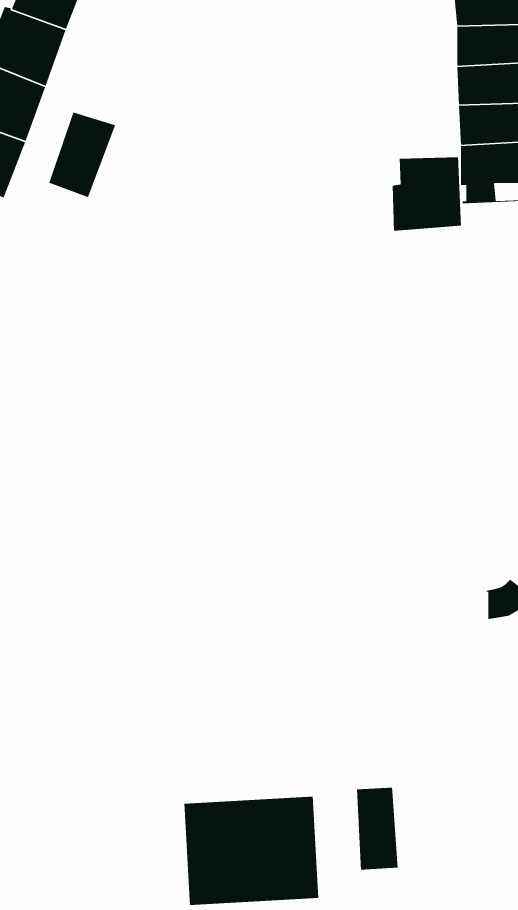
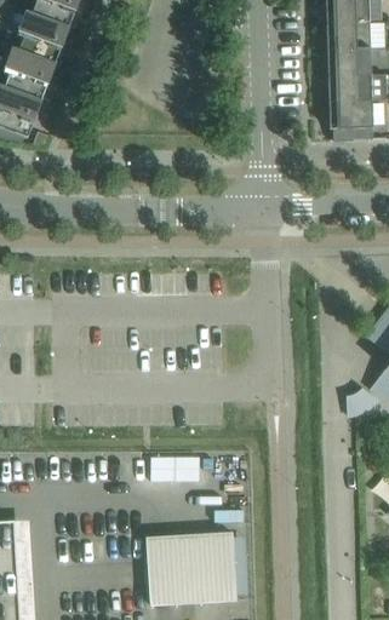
building: [48,111,116,198] -> none
building: [392,156,462,232] -> none
building: [356,787,399,870] -> none

